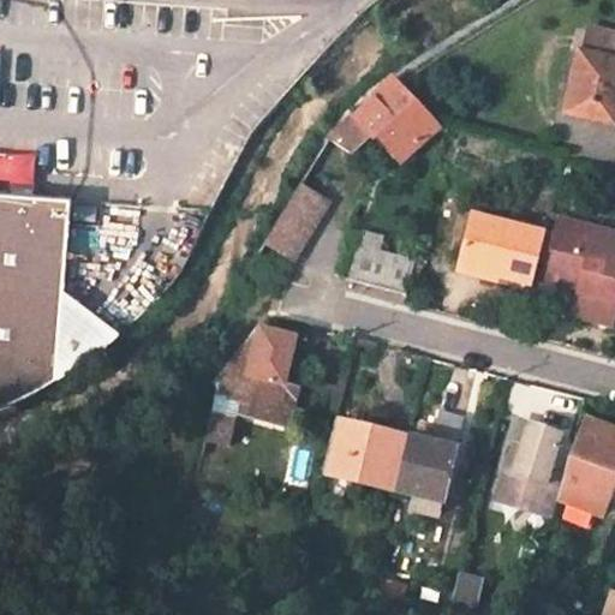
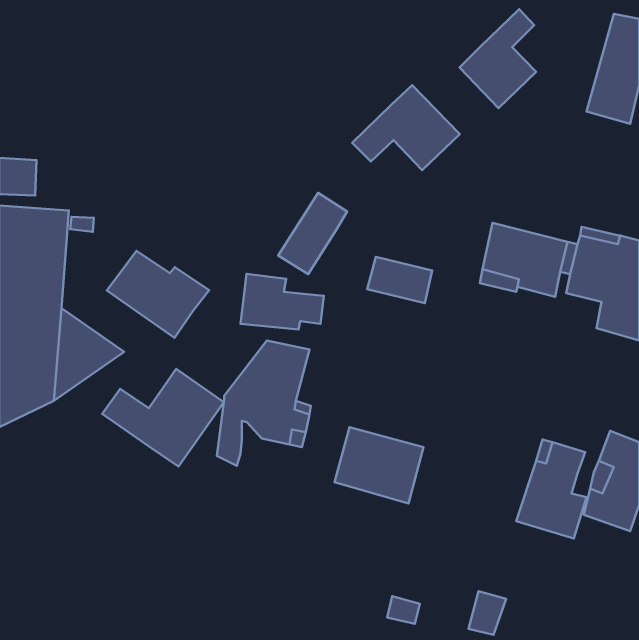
building: none -> [459,9,536,108]
building: none -> [107,251,209,338]
building: none -> [240,274,324,330]
building: none -> [102,369,224,467]
building: [392,406,464,510] -> none

